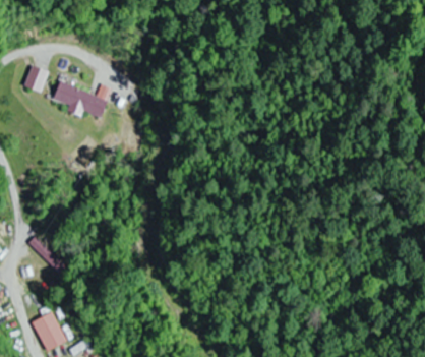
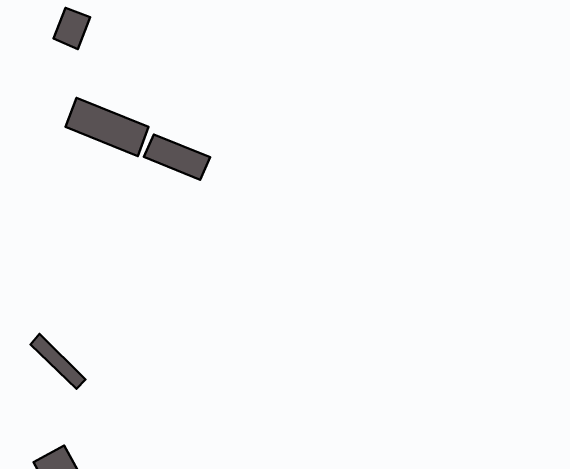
building: [24,64,49,92] -> [53,8,90,49]
building: none -> [144,134,210,180]

